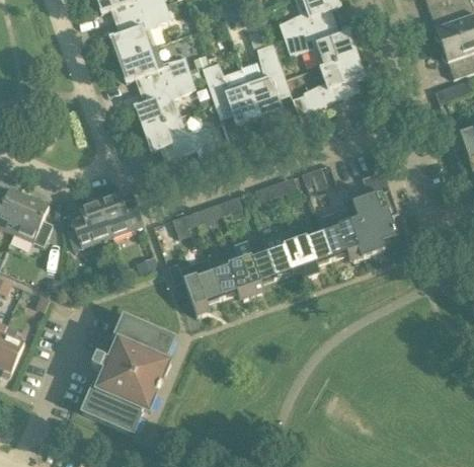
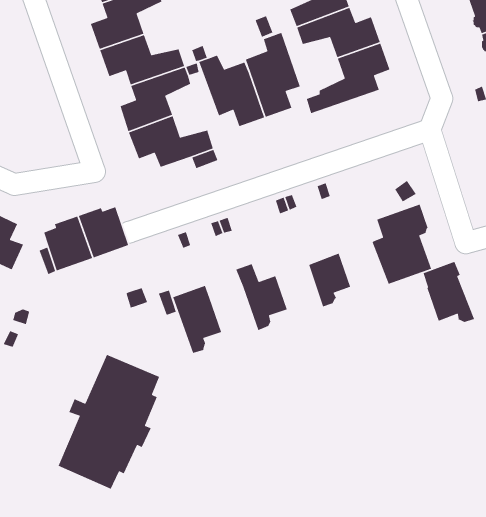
building: [318,207,363,259] -> [422,261,475,323]
building: [263,227,307,279] -> none
building: [212,258,252,299] -> none

